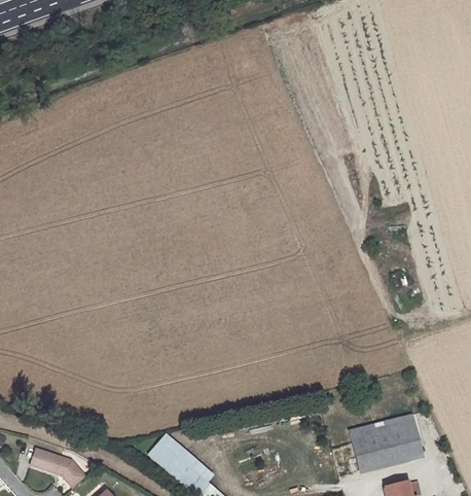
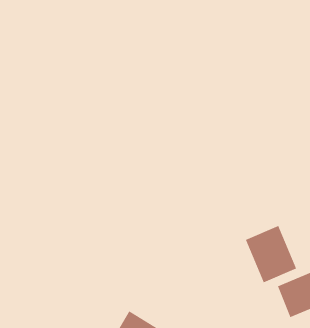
building: none -> [245,225,297,283]

